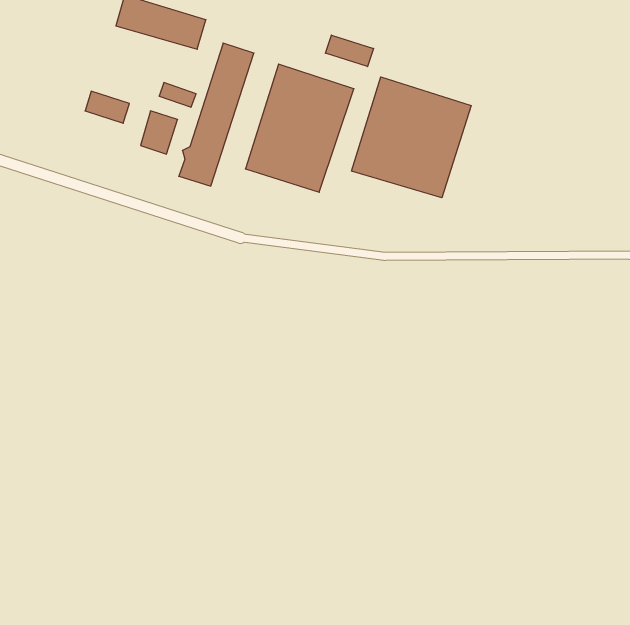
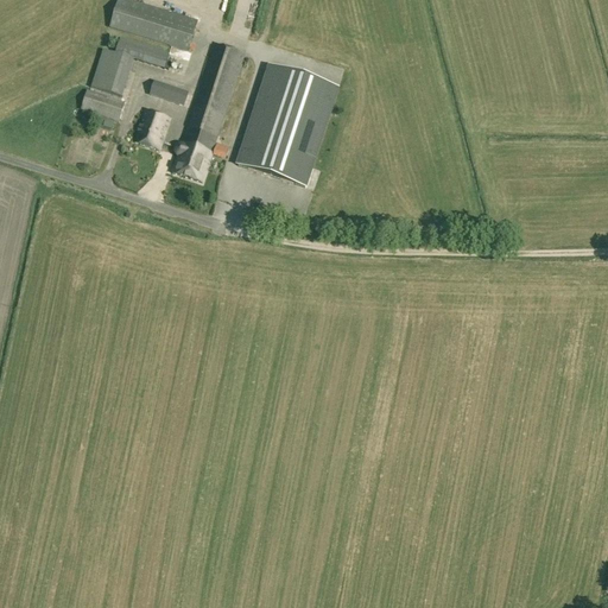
building: [325,35,374,67] -> none
building: none -> [91,34,173,95]
building: [352,77,471,198] -> none

